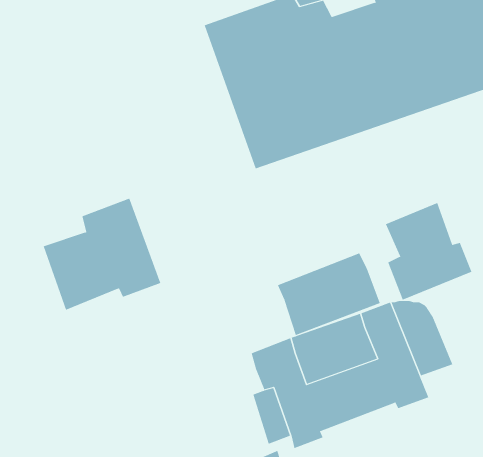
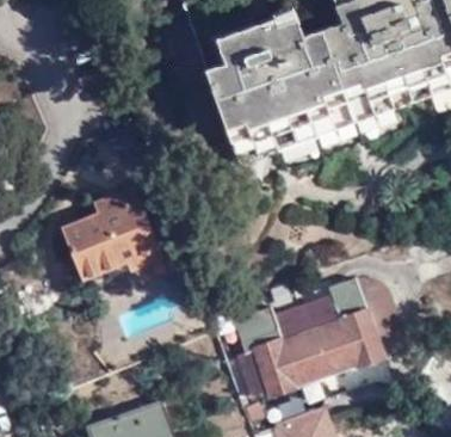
building: [385,202,472,300] -> none
building: [277,252,380,336] -> none

